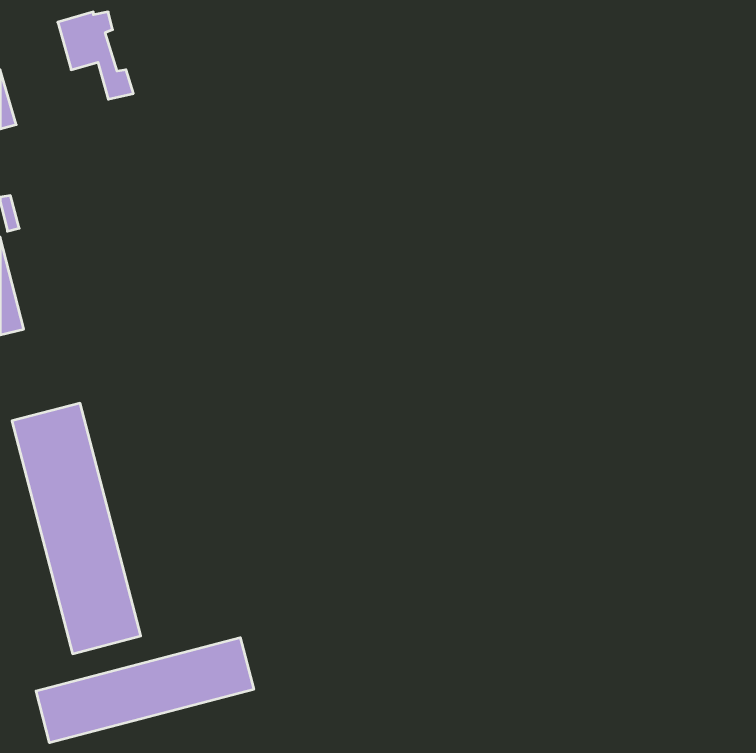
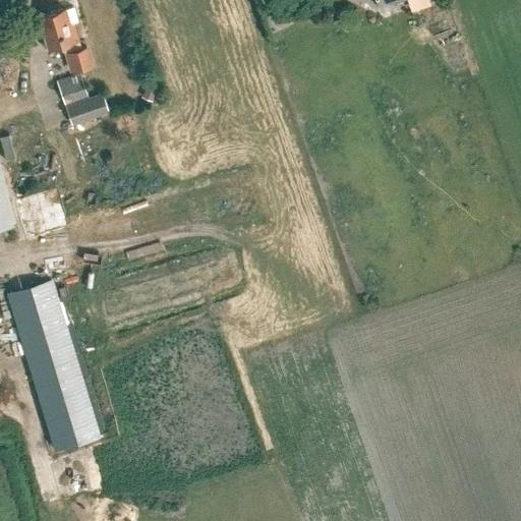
building: none -> [57,75,109,128]
building: [36,638,254,743] -> none

